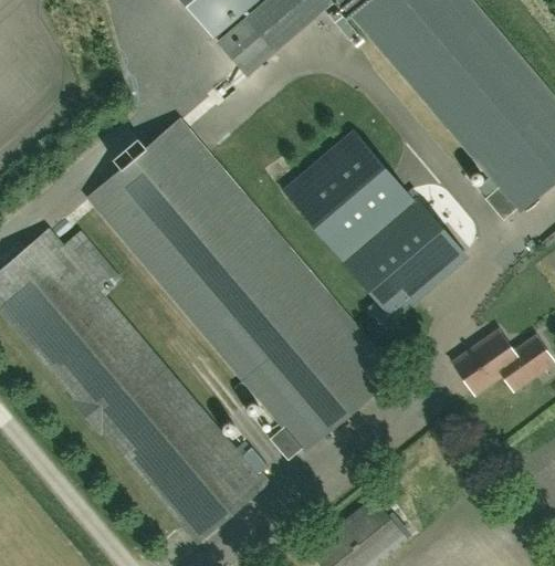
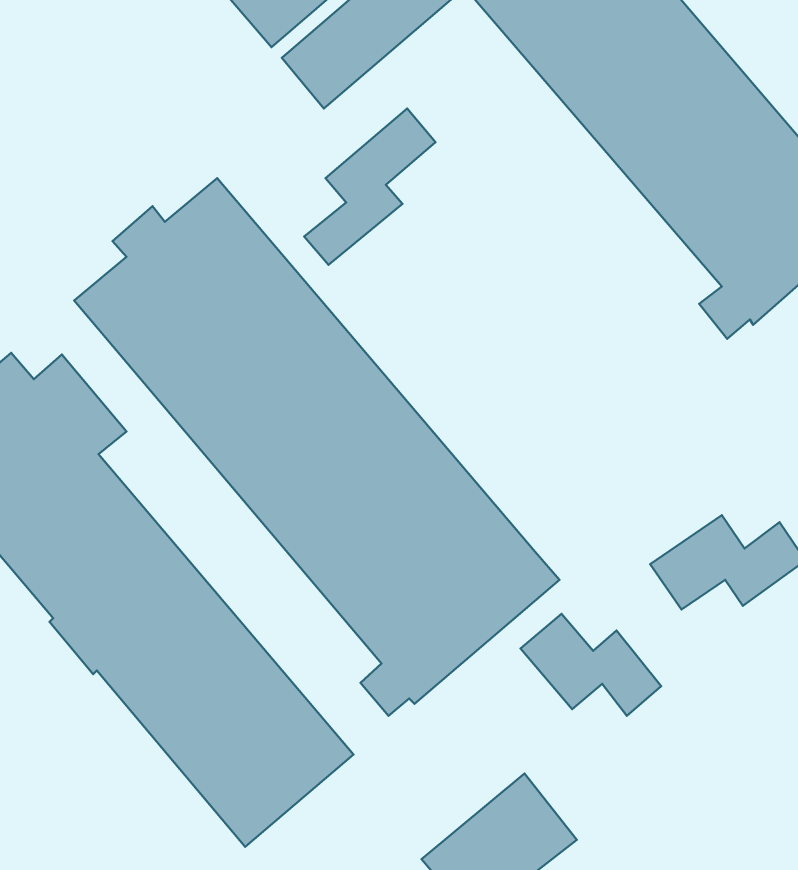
building: none -> [304,108,435,265]
building: [283,129,468,319] -> none
building: none -> [520,614,661,716]

